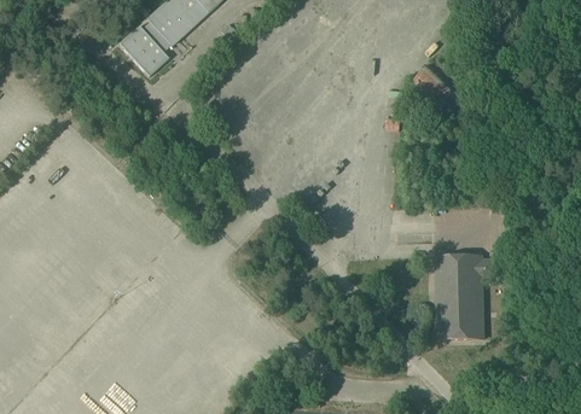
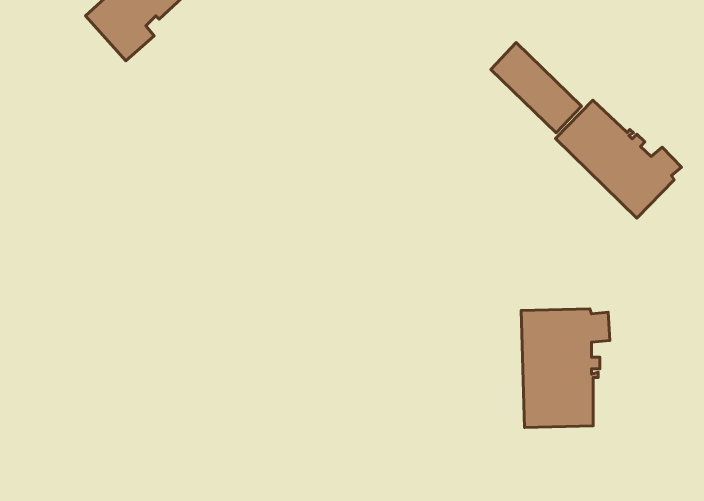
building: none -> [555,100,681,218]

